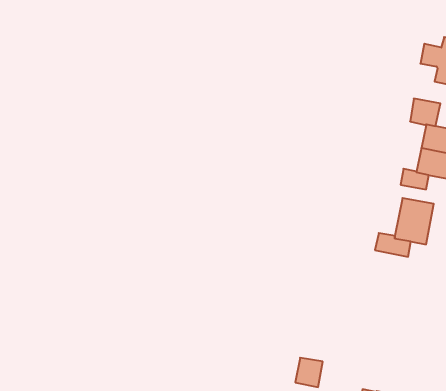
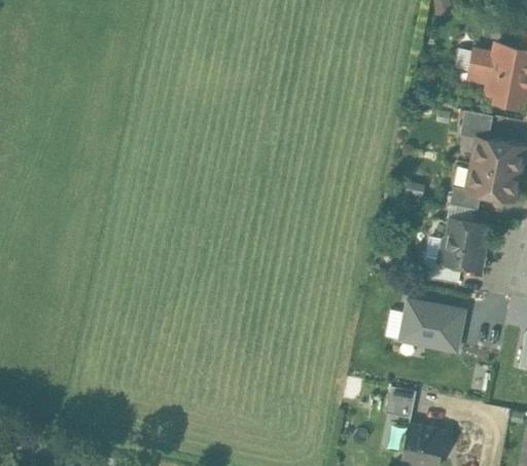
building: none -> [401,301,464,351]
building: [295,358,323,387] -> [387,388,417,420]

